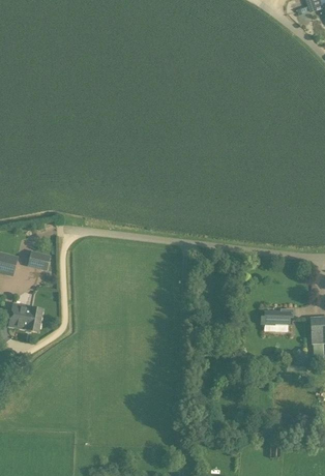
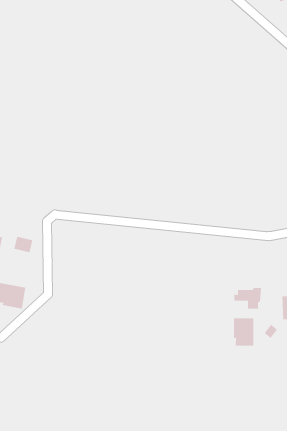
building: none -> [233,317,254,347]

